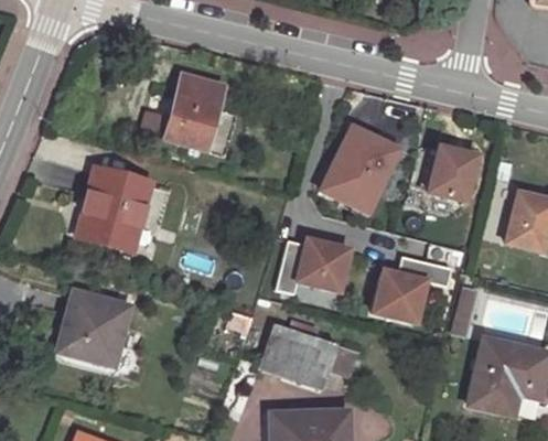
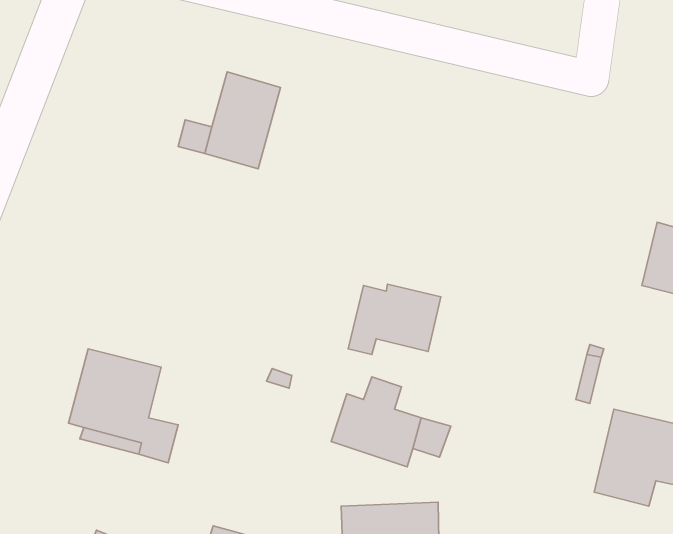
building: [323,126,398,211] -> none
building: [432,148,479,200] -> none
building: [75,166,152,249] -> none
building: [376,256,454,322] -> none

